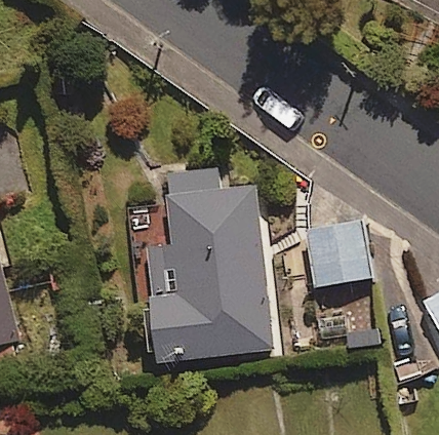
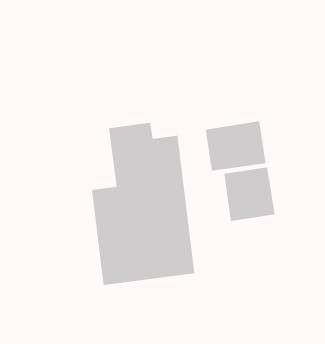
building: none -> [205,120,266,172]

